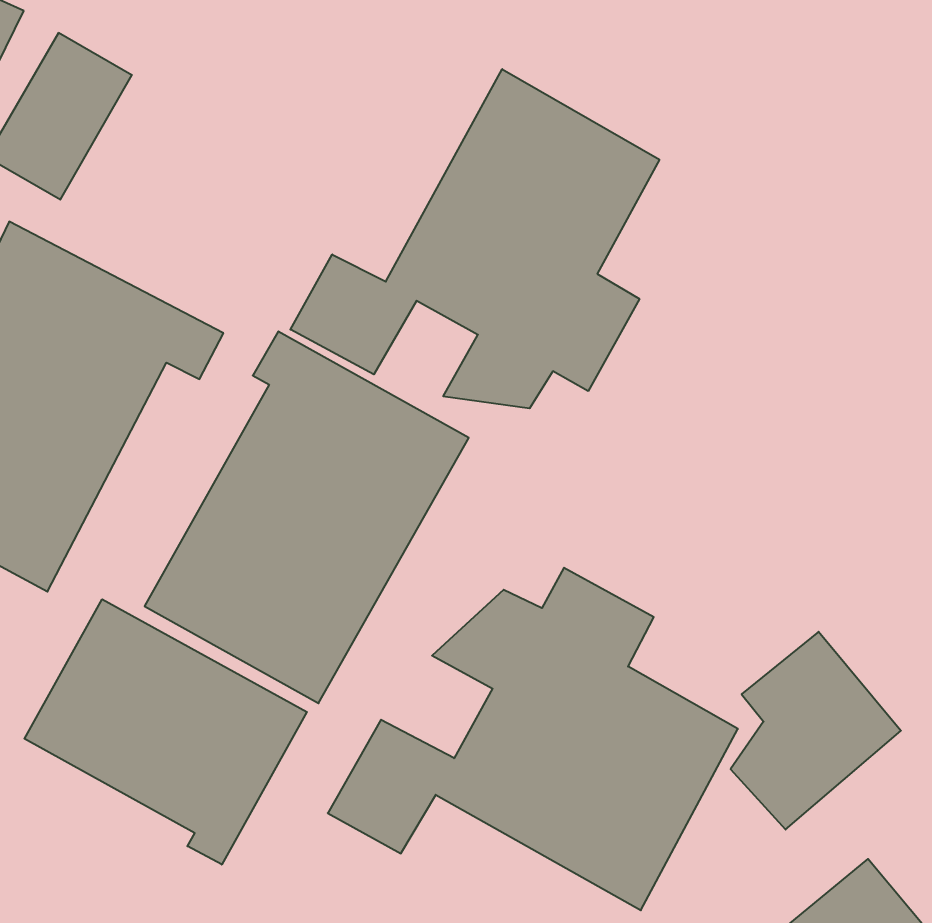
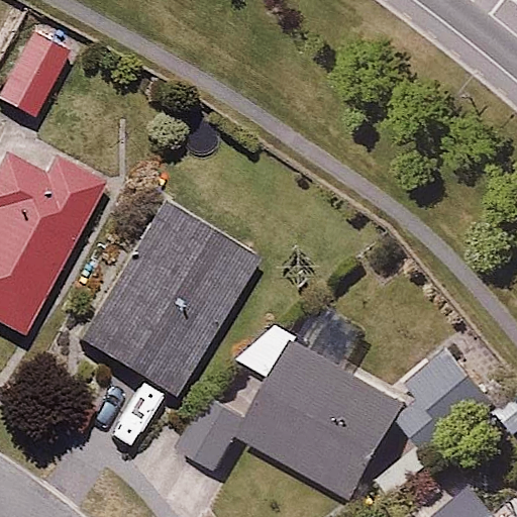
building: [290,69,659,408] -> none
building: [24,599,307,865] -> none

